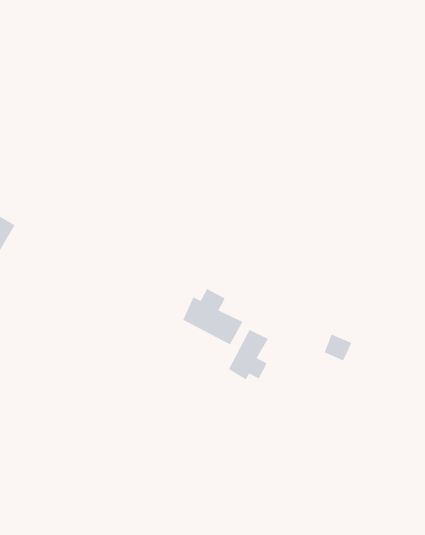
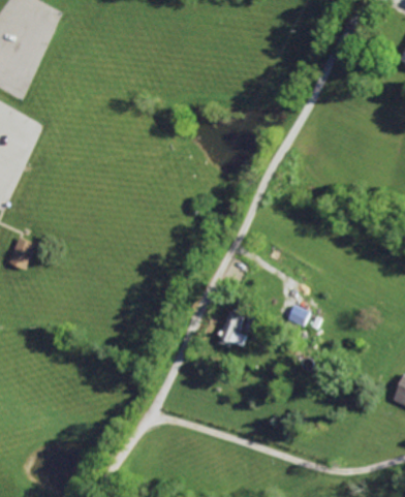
building: [183,288,243,345] -> none

